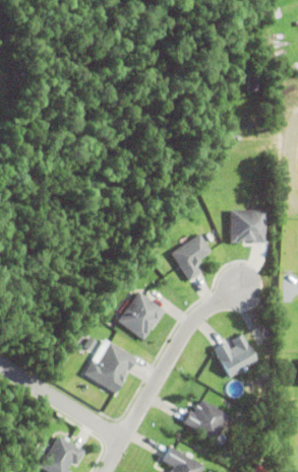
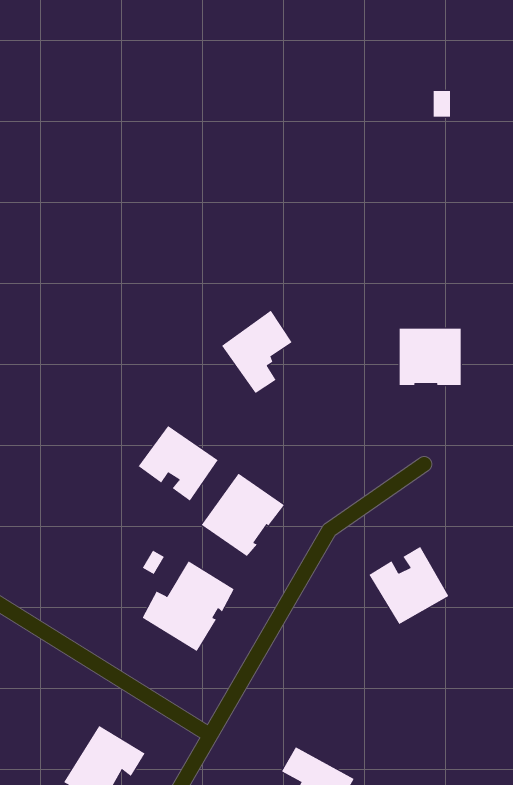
building: [170,233,211,281] -> [221,310,293,394]
building: none -> [138,425,218,502]
building: [183,400,230,442] -> none

